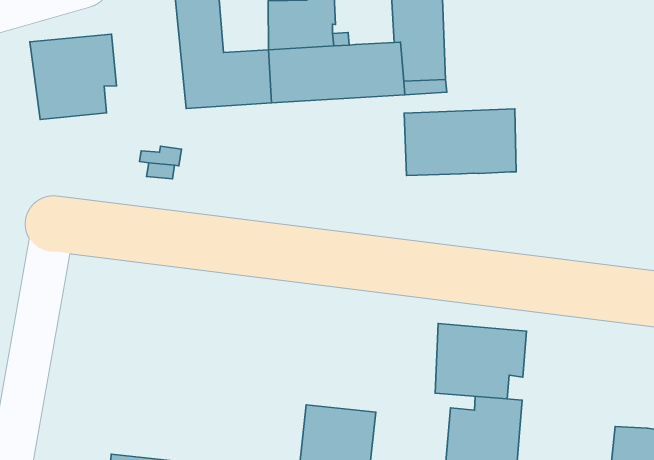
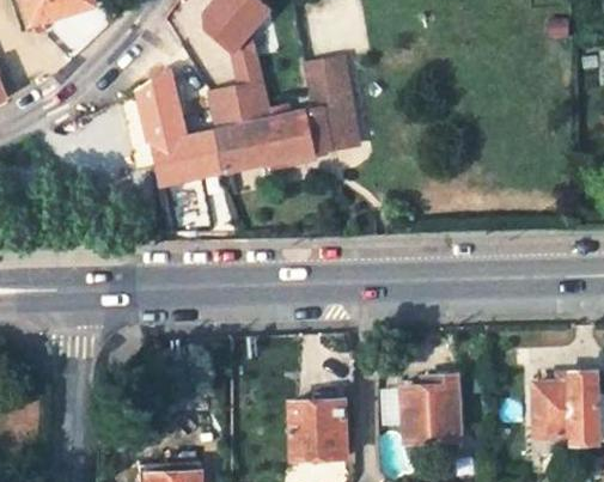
building: [30,34,117,120] -> none
building: [404,109,516,176] -> none
building: [435,323,527,399] -> none

